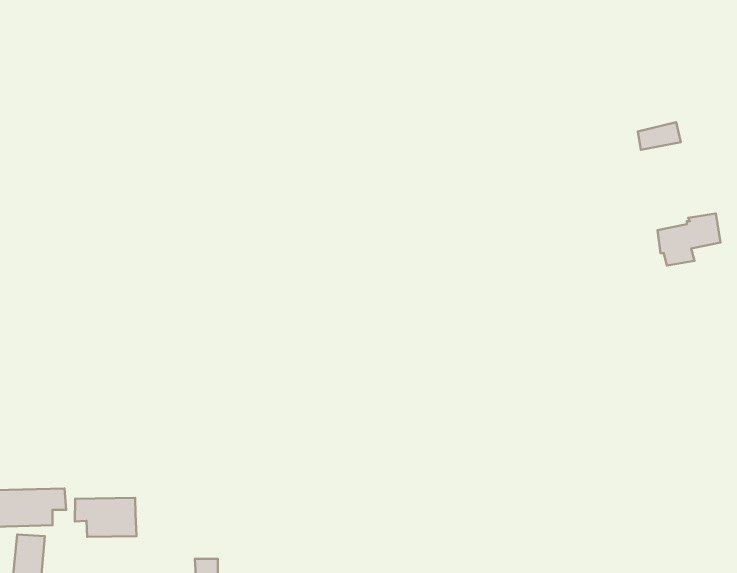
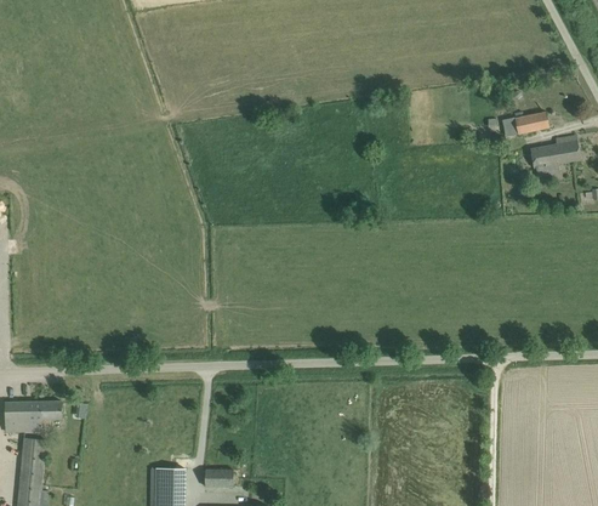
building: [658,213,720,265] -> [530,136,580,177]
building: [75,498,137,537] -> none

